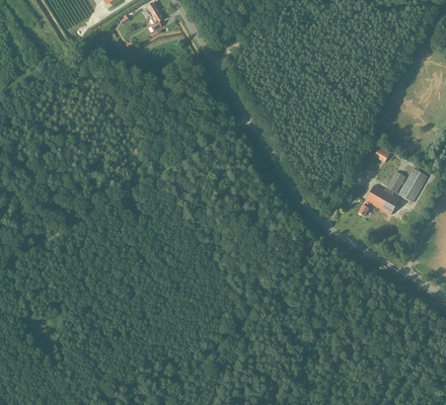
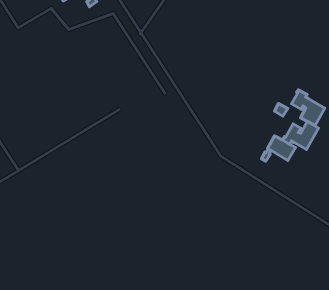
building: none -> [292,90,325,125]

